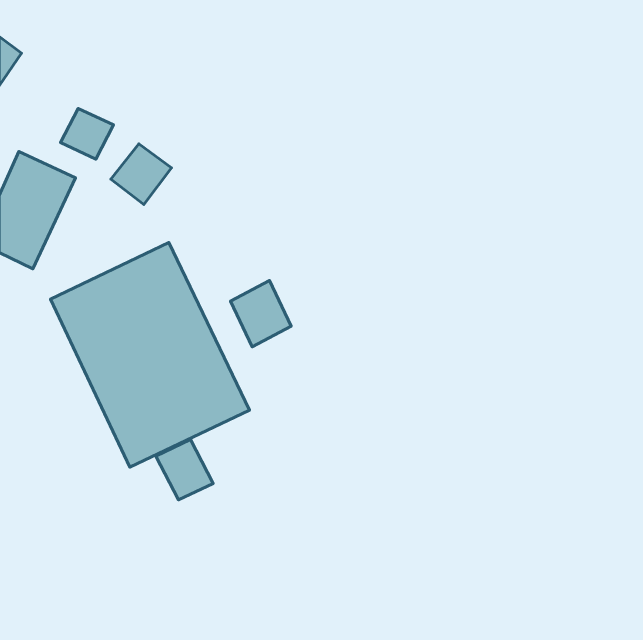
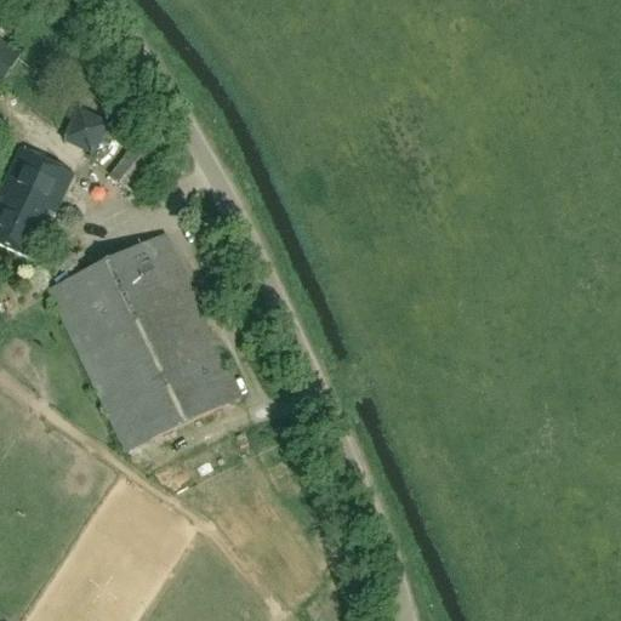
building: [231,280,291,347] -> none
building: [156,440,213,500] -> none

